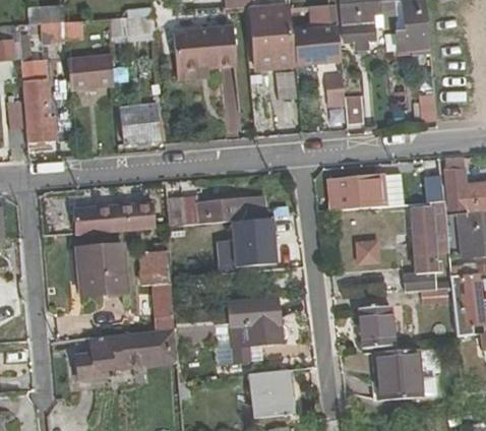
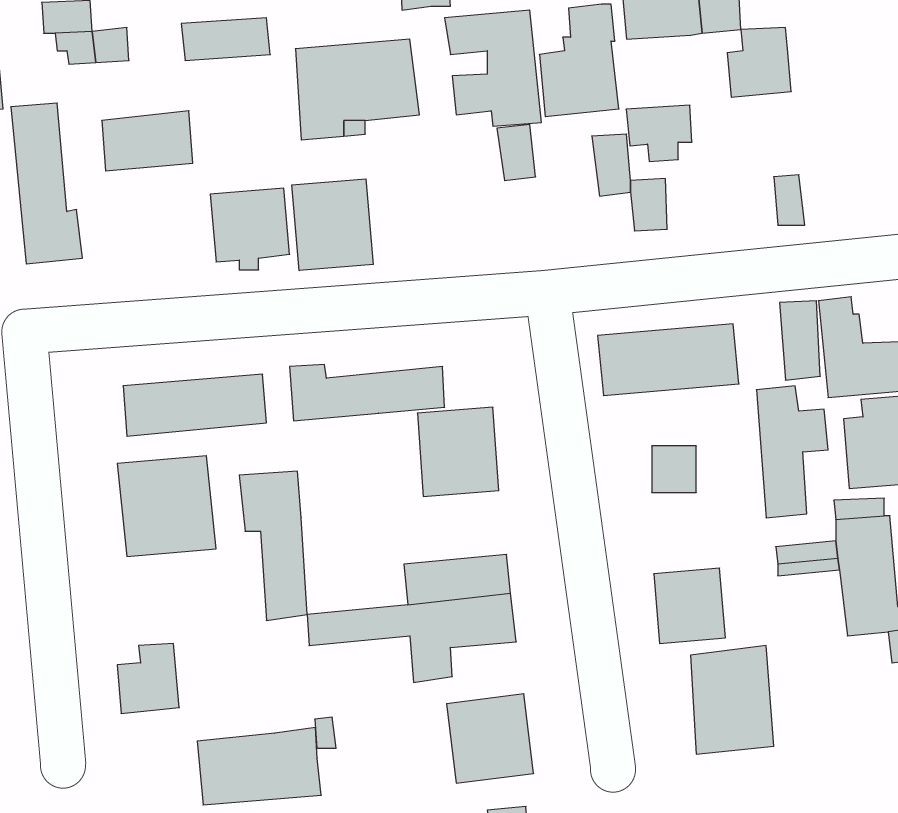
building: [343,22,377,52] -> [626,105,692,161]
building: none -> [292,179,373,271]
building: [113,326,178,367] -> [197,727,321,805]

